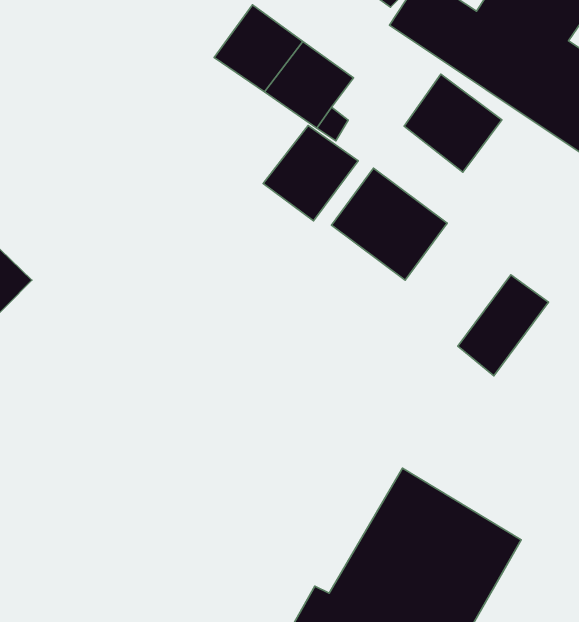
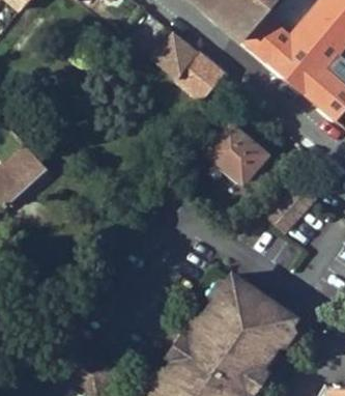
building: [404,74,502,172] -> none
building: [263,126,358,221] -> none

